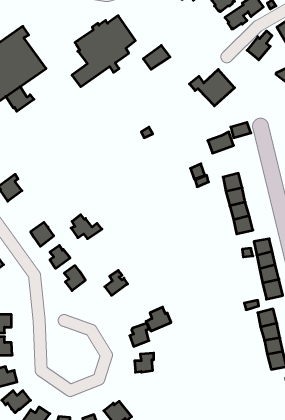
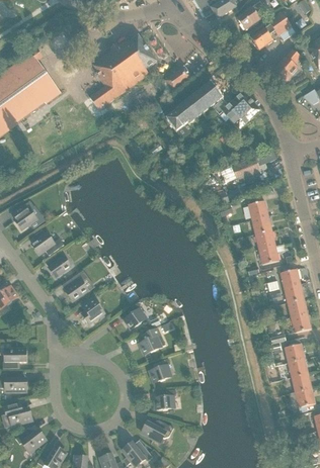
building: none -> [167,81,223,131]
building: [6,87,34,111] -> none
building: [71,215,102,239] -> [31,229,64,255]
building: [146,307,171,331] -> [139,329,165,354]
building: none -> [142,419,173,443]

